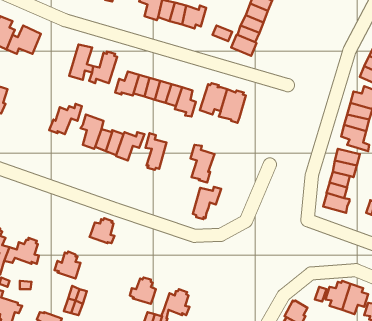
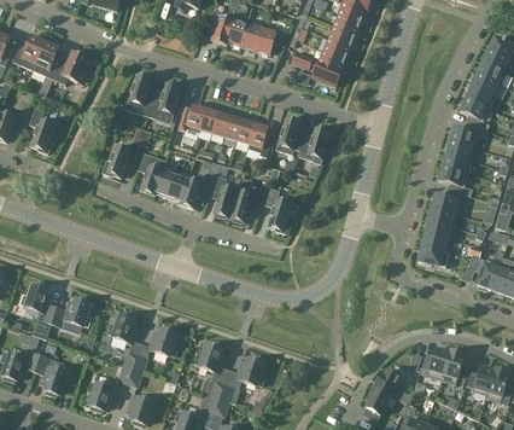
building: [193,187,221,219] -> [229,185,262,222]
building: [90,218,115,243] -> [148,326,177,355]

